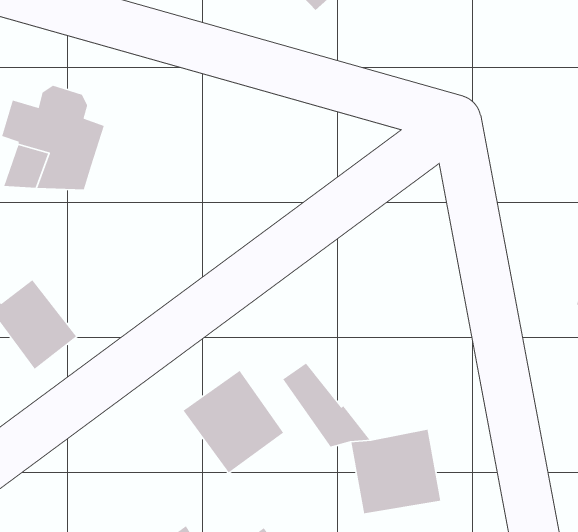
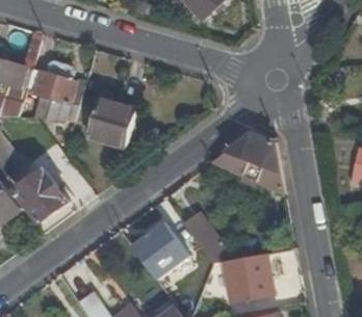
building: none -> [86,99,135,147]
building: none -> [212,132,283,192]

